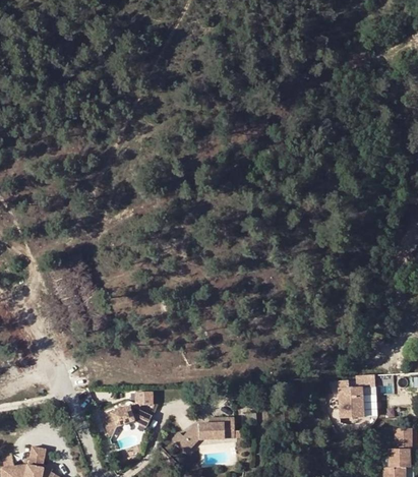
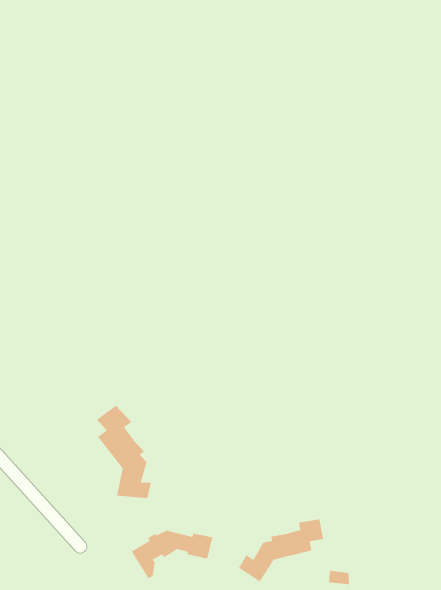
building: none -> [96,405,151,499]

